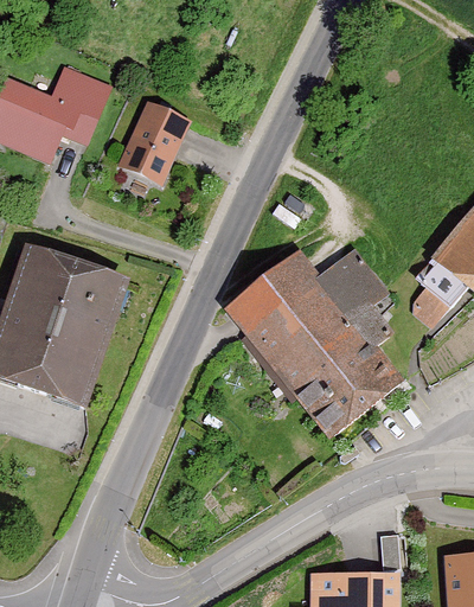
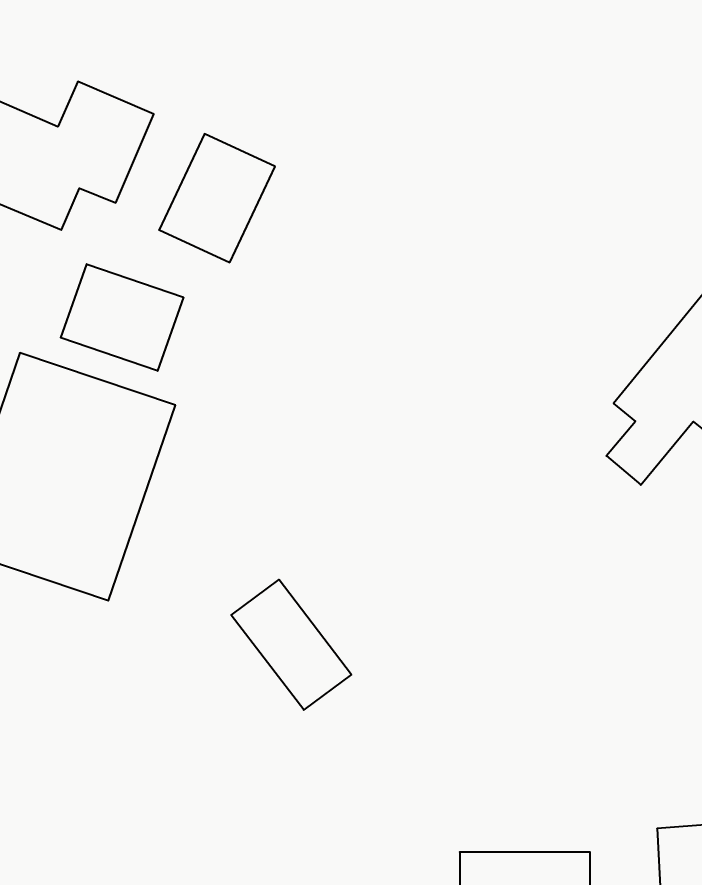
building: none -> [61,264,183,371]
building: [226,249,406,443] -> none
building: none -> [231,580,351,710]

